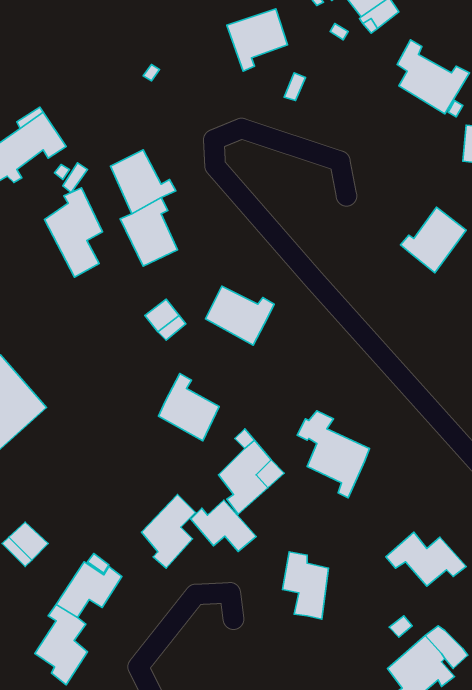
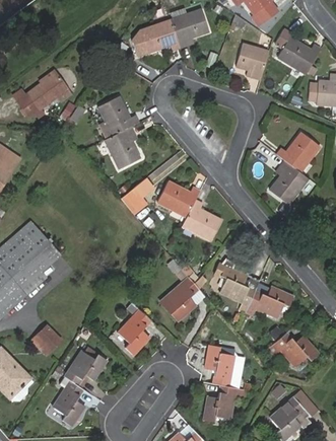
building: none -> [141,19,181,53]
building: none -> [236,44,269,79]
building: [45,188,103,277] -> none
building: none -> [270,160,308,204]
building: [159,374,219,441] -> [183,200,220,241]
building: none -> [246,286,293,317]
building: [191,500,256,552] -> none
building: none -> [204,384,236,421]

